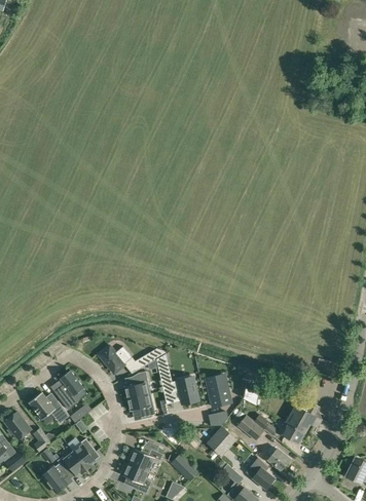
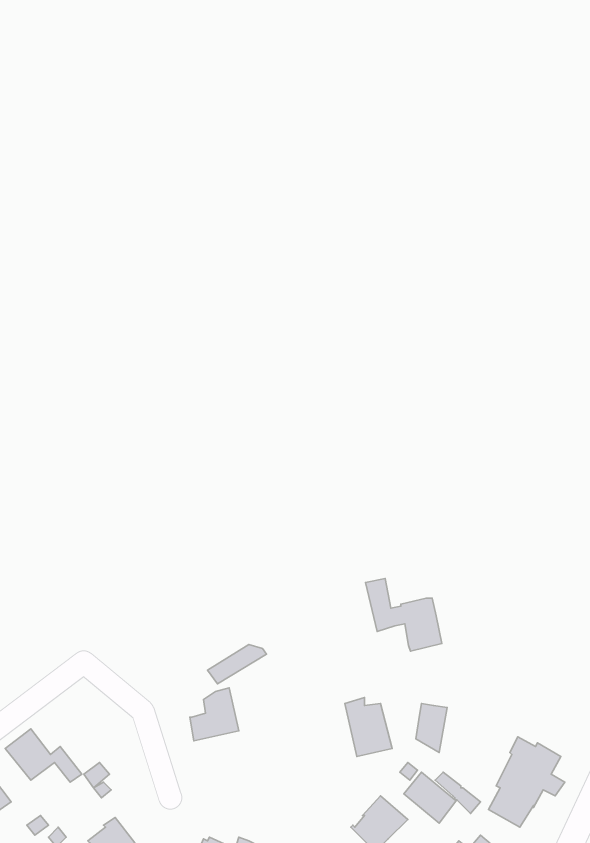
building: [98,345,131,374] -> none
building: [157,367,197,404] -> [365,579,442,651]
building: [52,370,82,409] -> none
building: [126,393,154,418] -> none

